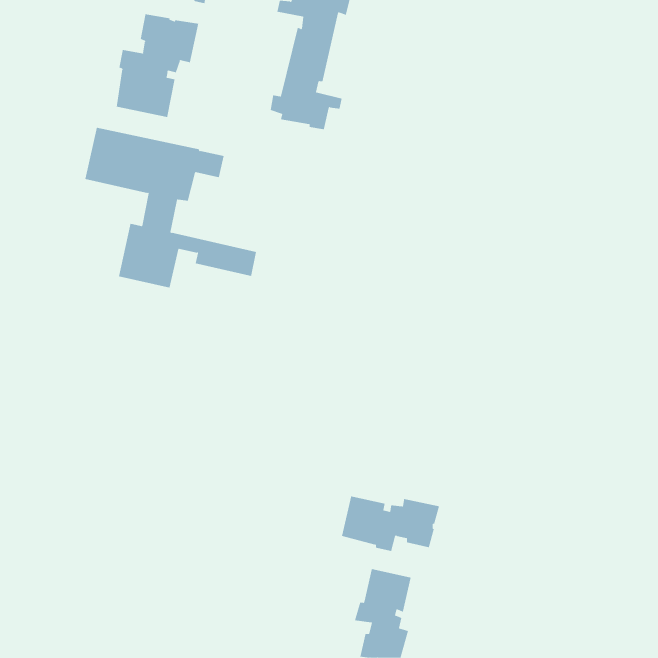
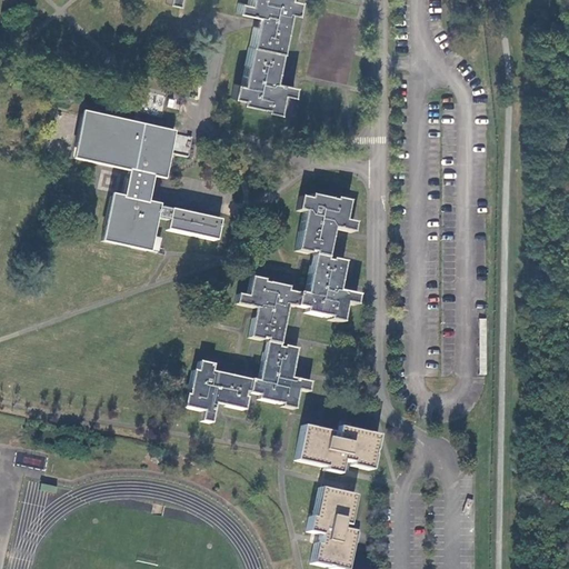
building: [116,14,199,118] -> none
building: none -> [186,193,360,422]

